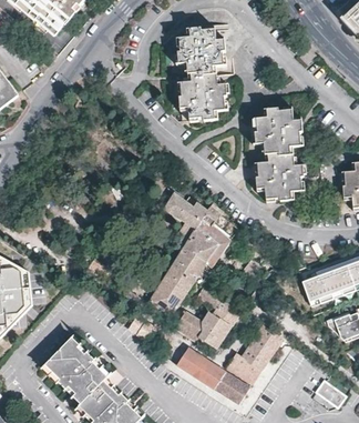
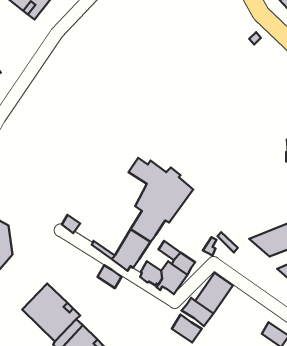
building: [177,28,226,119] -> none
building: [256,107,302,199] -> none
building: [176,348,223,387] -> none

